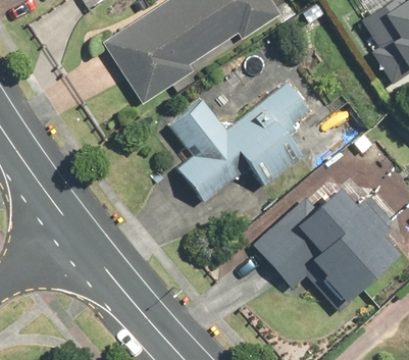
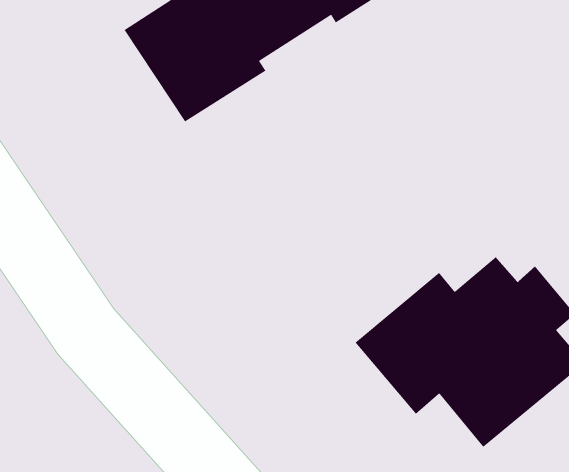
building: [172,80,313,202] -> none

